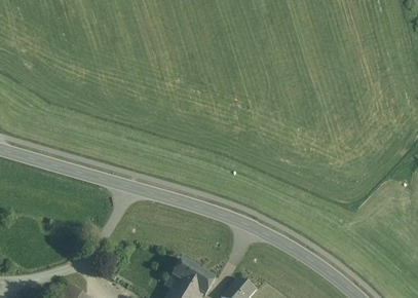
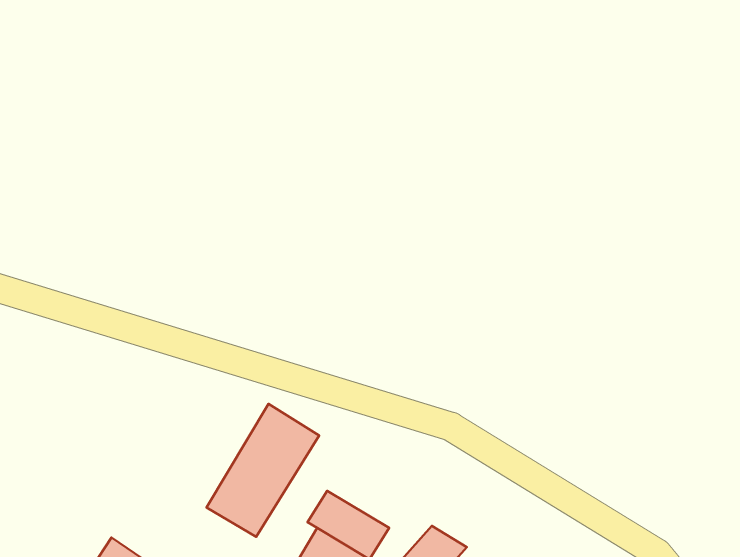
building: none -> [207,404,319,537]

